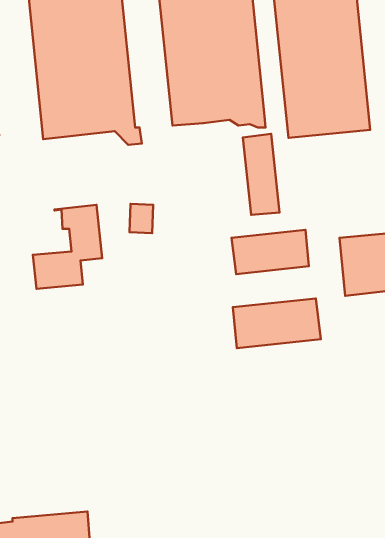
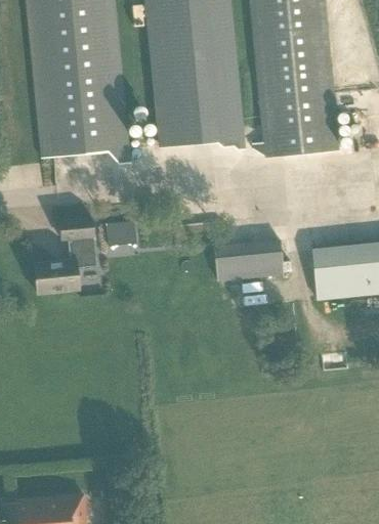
building: [243,134,280,215] -> none
building: [233,298,321,348] -> none

